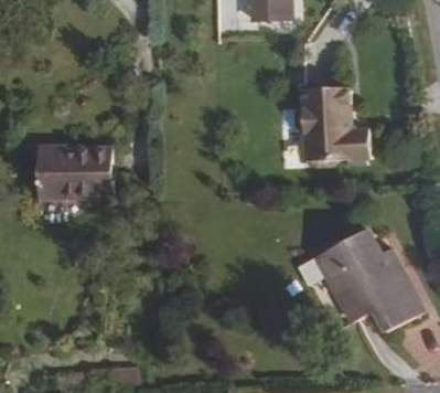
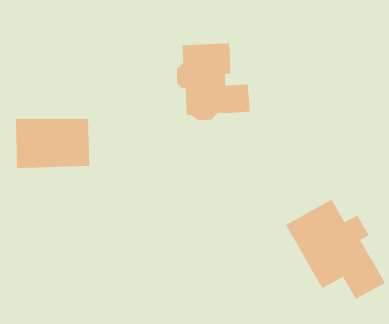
building: [296,87,372,167] -> [176,43,251,121]

